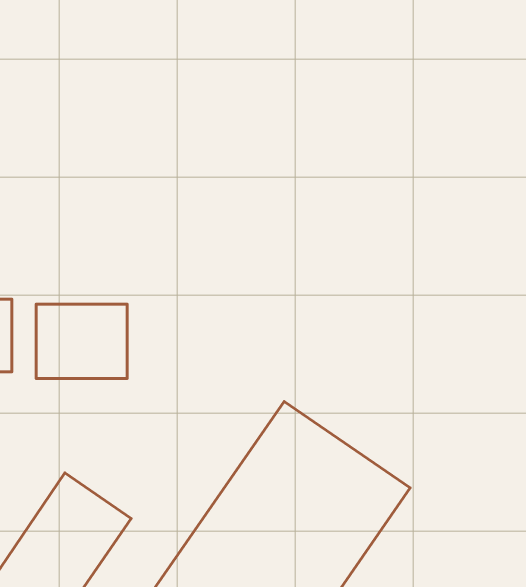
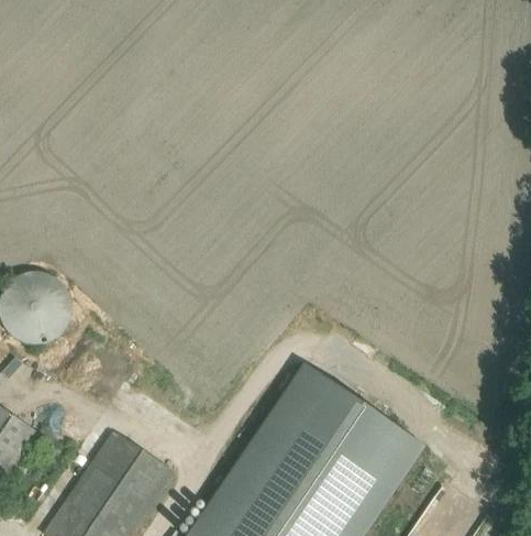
building: [36,304,127,379] -> none

